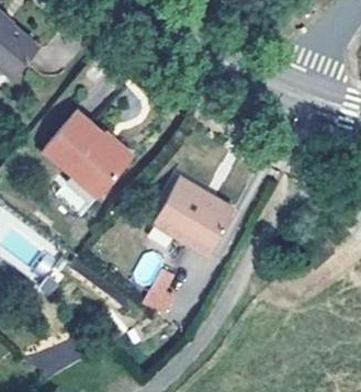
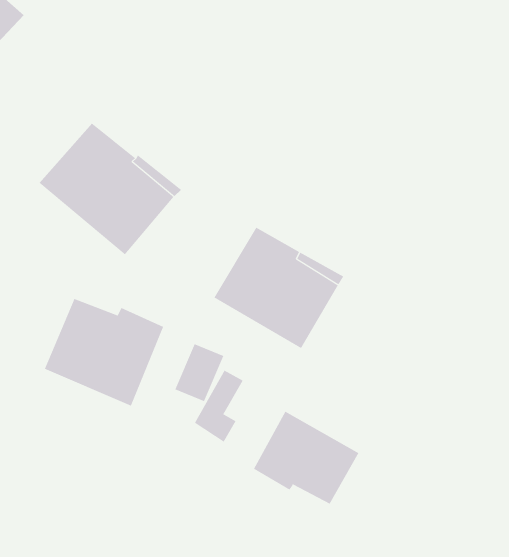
building: none -> [44,298,164,406]
building: none -> [253,411,359,505]

